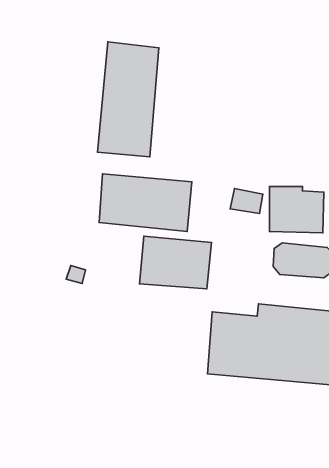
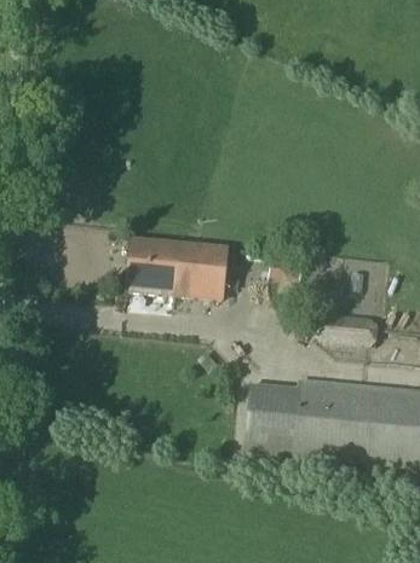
building: [98,42,159,157] -> none
building: [140,236,212,289] -> none

